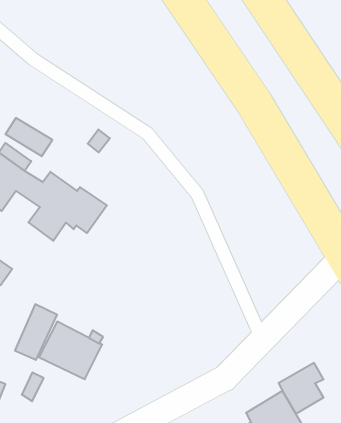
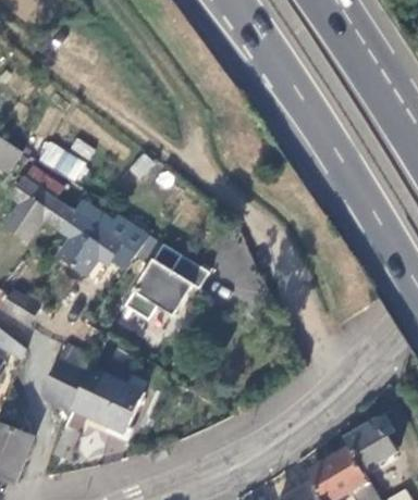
building: none -> [124,242,208,321]

